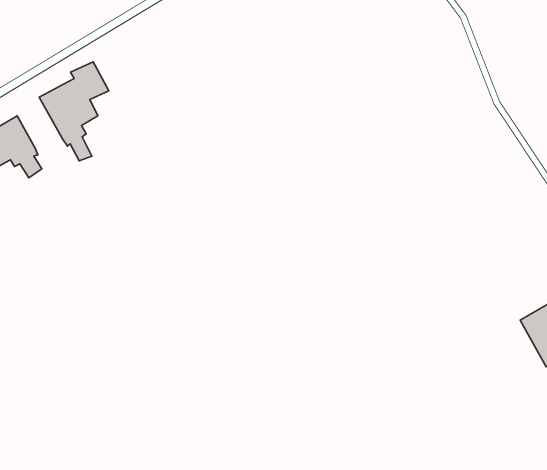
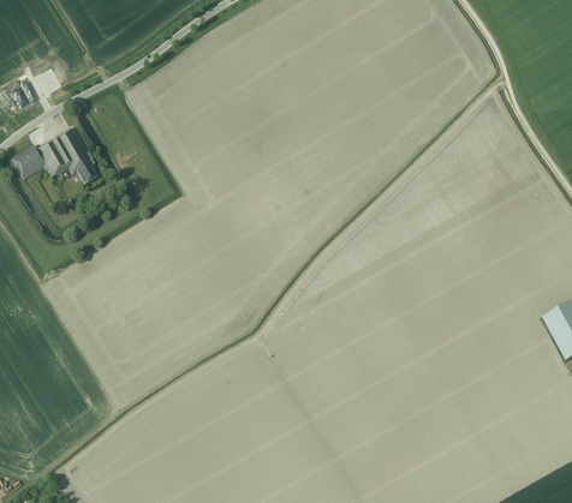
building: [39,62,109,161] -> none

